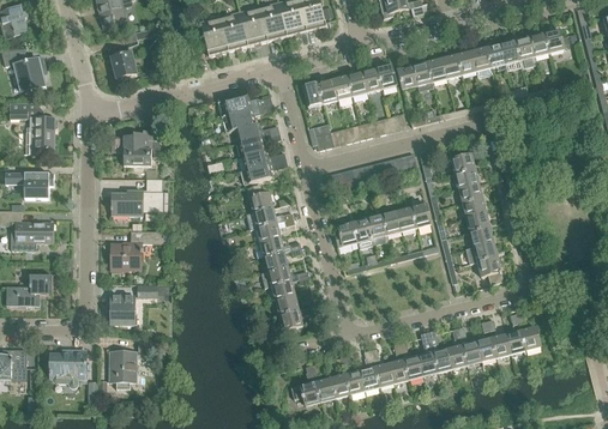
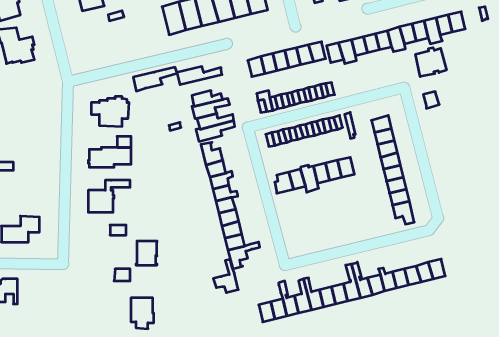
building: [110,47,136,79] -> none
building: none -> [416,48,446,77]
building: [221,104,273,133] -> [133,67,177,91]
building: [18,114,54,155] -> none
building: [14,173,53,199] -> none
building: [11,222,53,250] -> none
building: [109,296,134,325] -> [136,241,157,265]
building: [49,350,85,387] -> none
building: [109,352,137,389] -> [131,298,154,329]
building: [290,365,320,405] -> [213,260,238,293]

